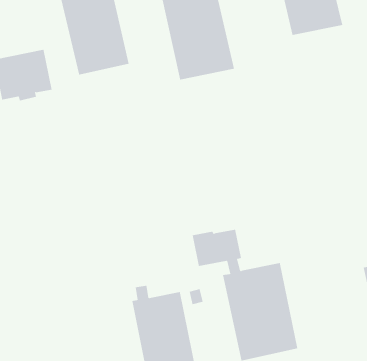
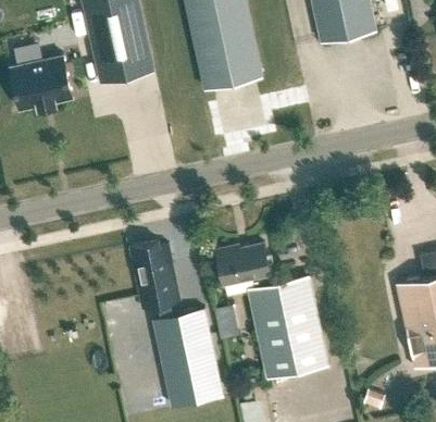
building: none -> [130,239,180,307]

